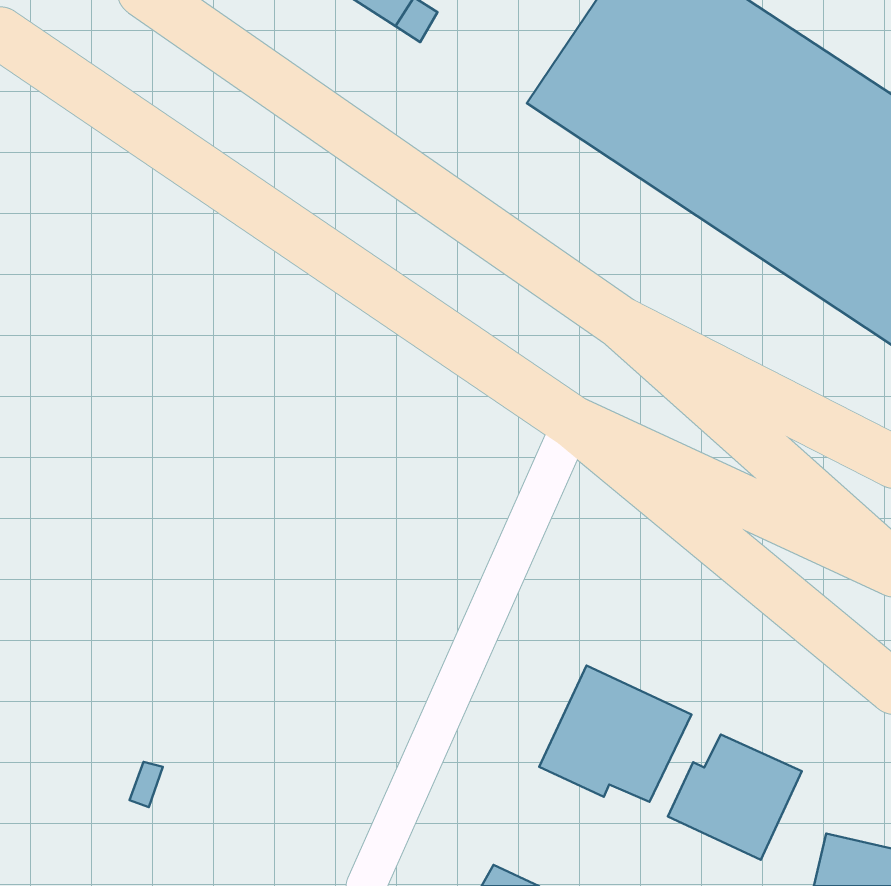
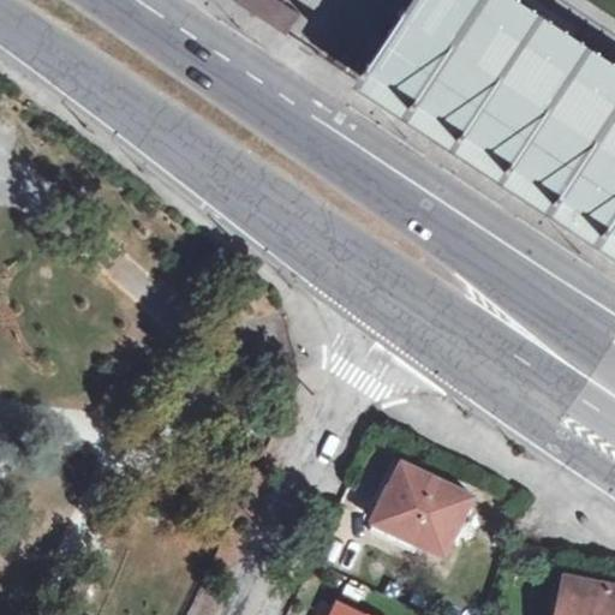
building: [668,734,802,860] -> none

